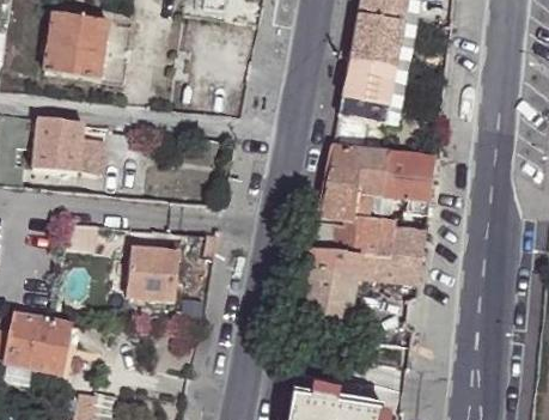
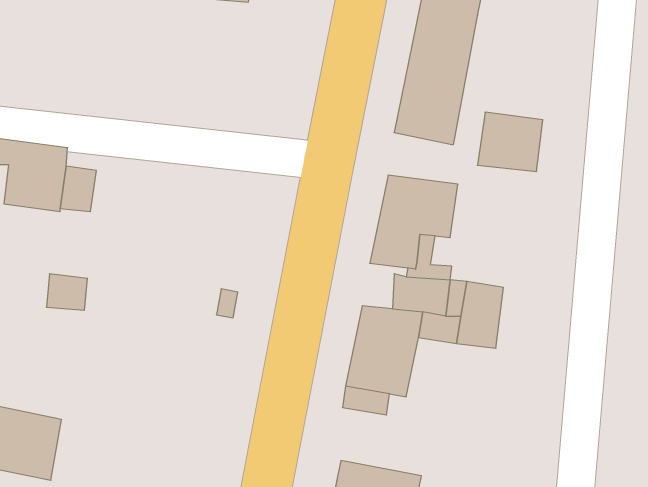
building: [44,11,110,78] -> none
building: [384,150,435,196] -> [477,112,543,171]
building: [123,244,176,299] -> none

